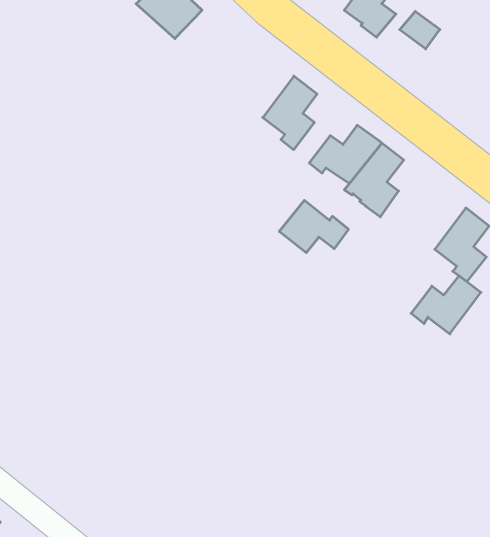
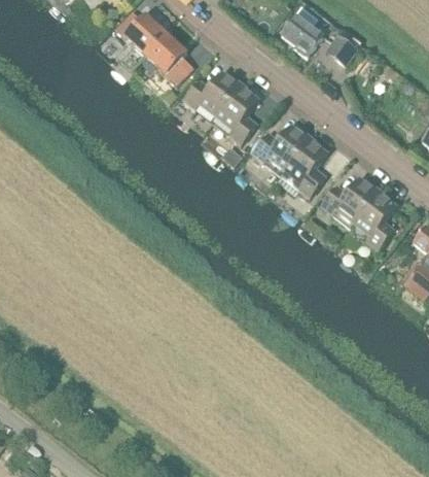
building: none -> [146,33,193,84]
building: none -> [184,72,241,118]
building: [279,200,348,253] -> none
building: [411,276,481,334] -> [322,177,378,224]

